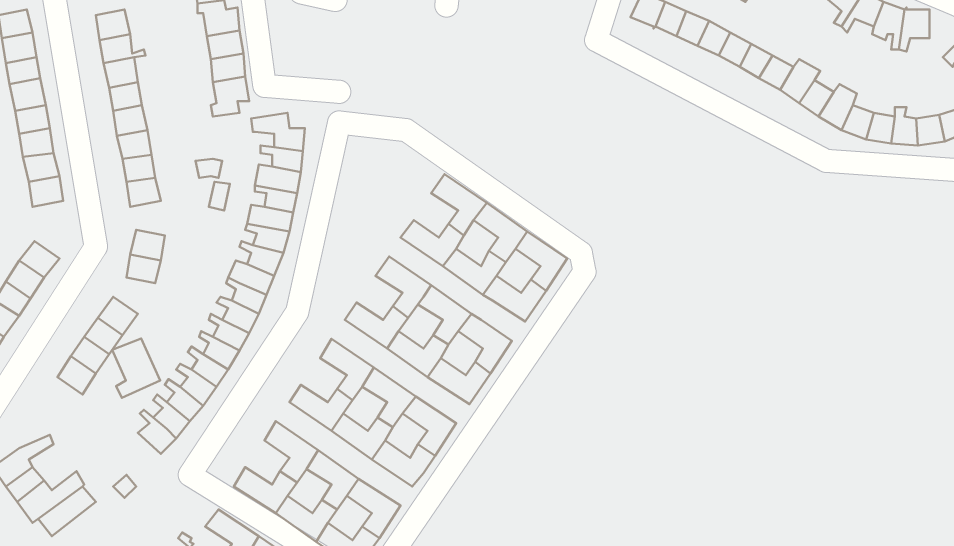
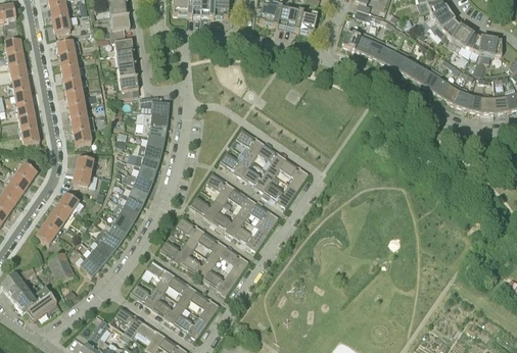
building: [112,338,160,398] -> [48,253,74,285]

